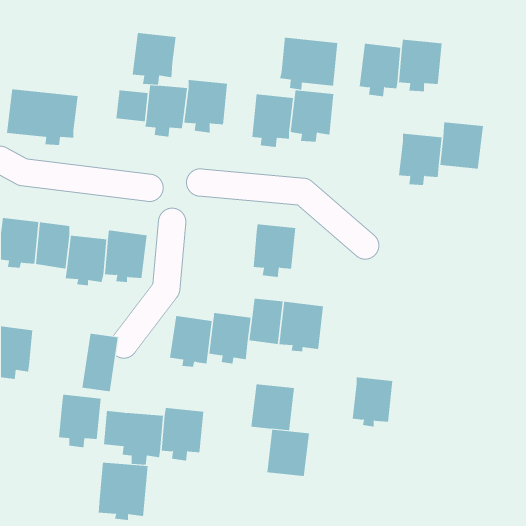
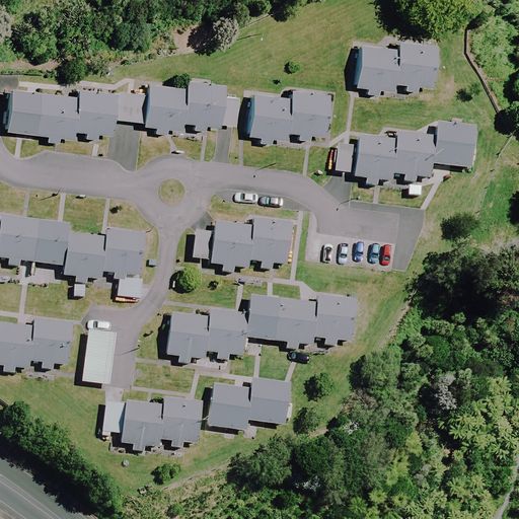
building: [132,33,176,85] -> [74,87,118,139]
building: [280,37,338,90] -> none
building: none -> [355,135,396,187]
building: none -> [211,225,252,277]
building: [352,377,393,427] -> [315,294,356,344]
building: [58,394,102,448] -> [30,316,73,369]
building: [266,429,310,477] -> [209,381,251,428]
building: [98,462,148,521] -> none

